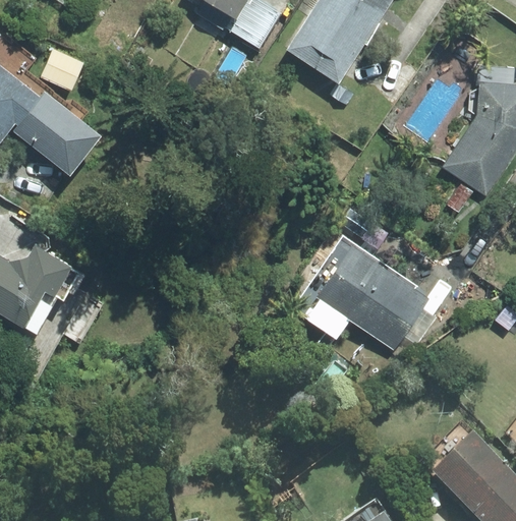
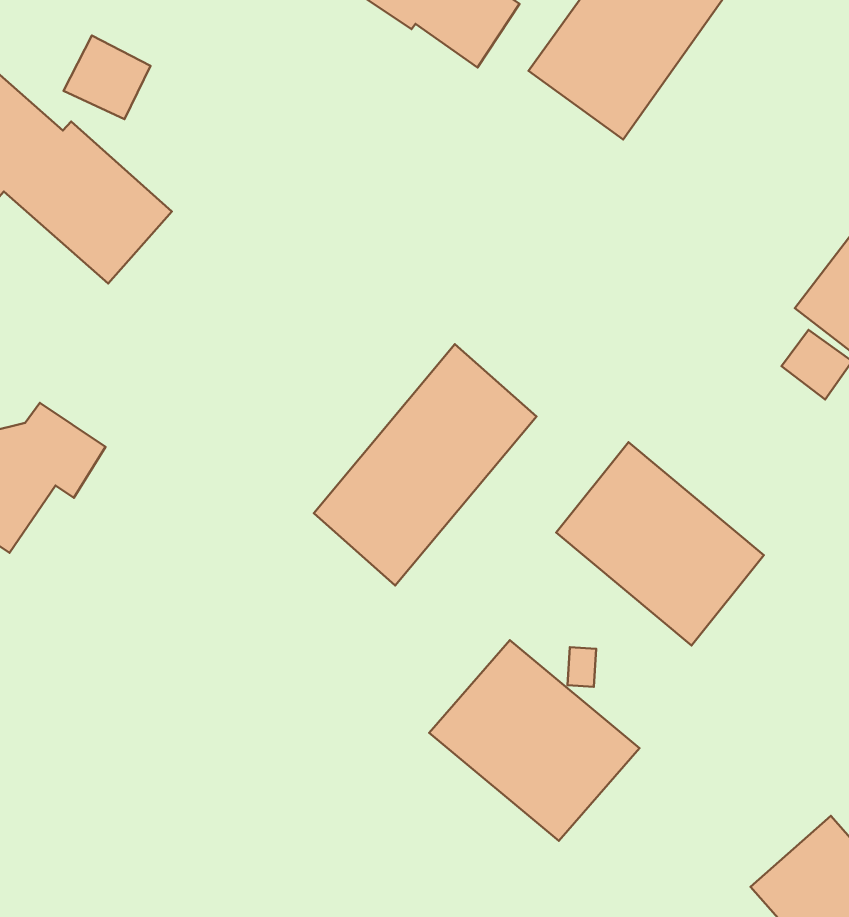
building: none -> [314,344,536,585]
building: none -> [429,640,639,841]

